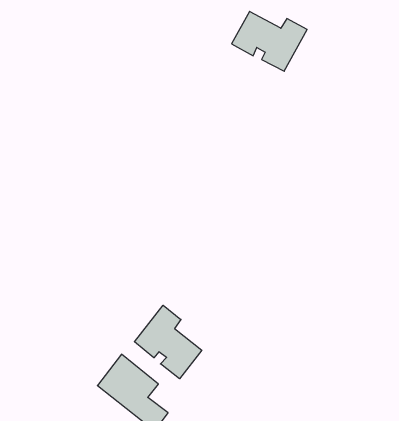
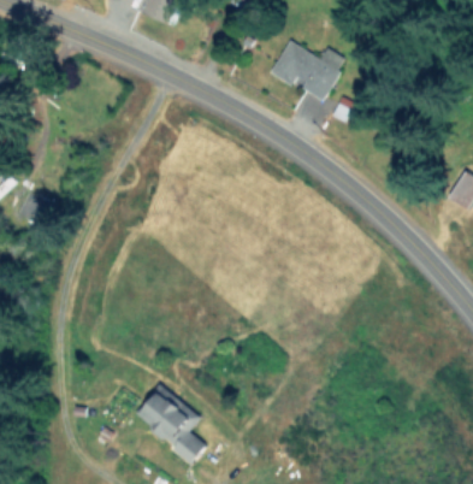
building: [134,305,202,379] -> none

